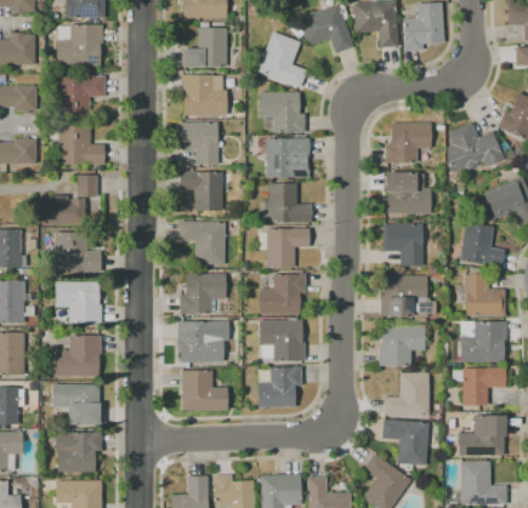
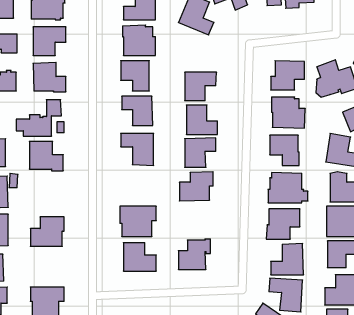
building: [259,92,306,132] -> none
building: [180,274,226,314] -> none
building: [56,282,102,324] -> none
building: [260,320,306,361] -> none
building: [53,384,100,426] -> none

